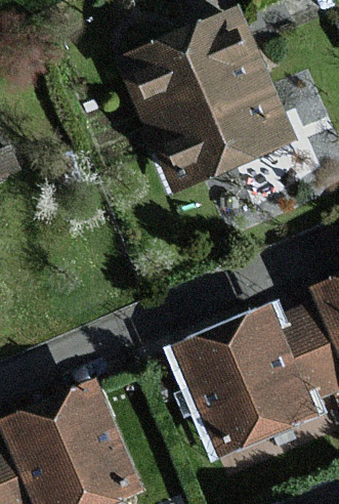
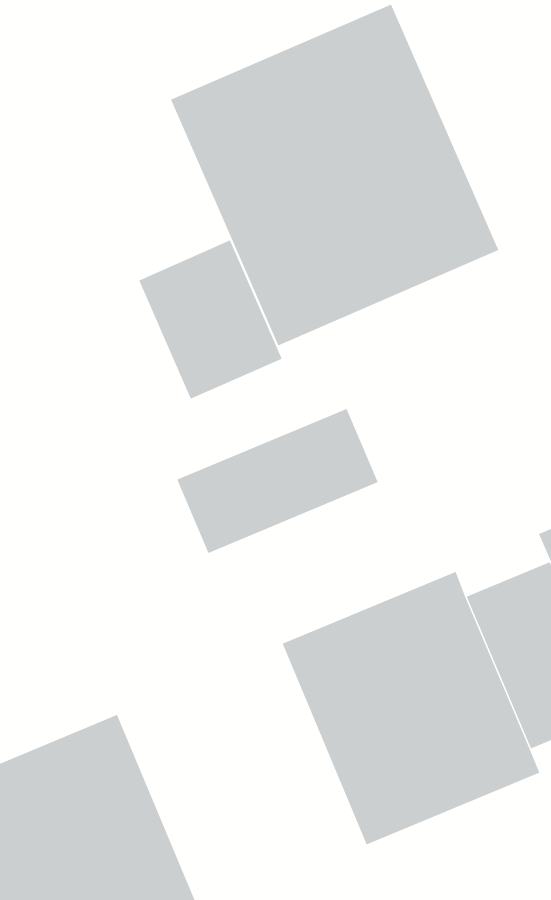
building: none -> [138,240,282,399]
building: none -> [176,408,378,554]

